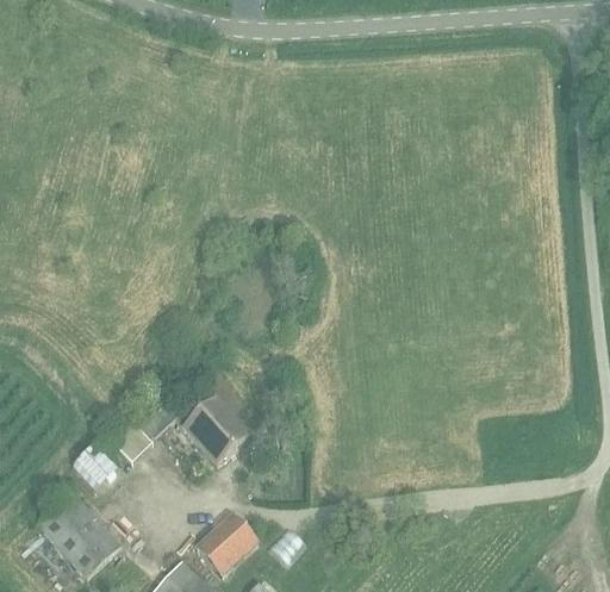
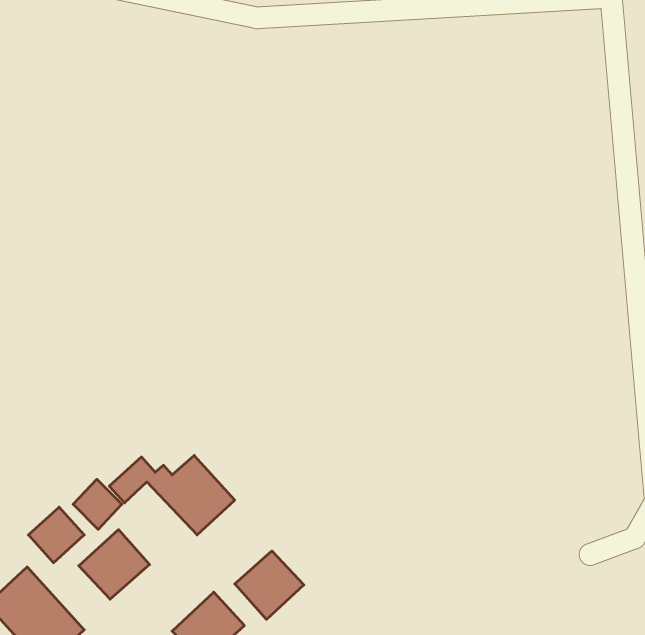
building: none -> [79,530,150,599]
building: none -> [235,551,304,619]

